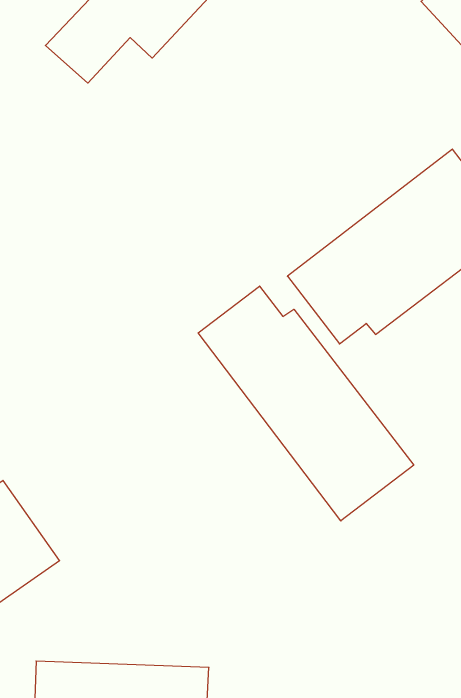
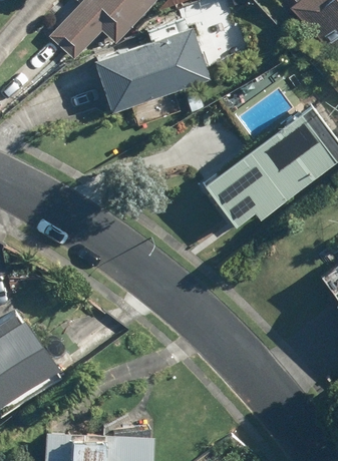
building: none -> [93,25,210,113]
building: [198,286,414,521] -> none

